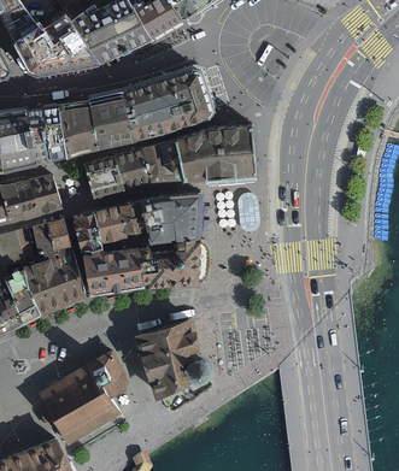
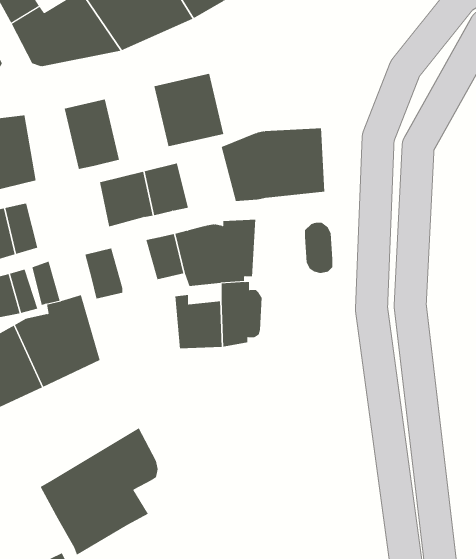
building: [166,72,209,126] -> none
building: [88,90,135,146] -> none
building: [28,107,68,161] -> none
building: [142,136,186,182] -> none
building: [29,172,61,212] -> none
building: [93,206,127,242] -> none
building: [46,218,70,252] -> none
building: [83,248,143,295] -> none
building: [134,313,211,395] -> none

